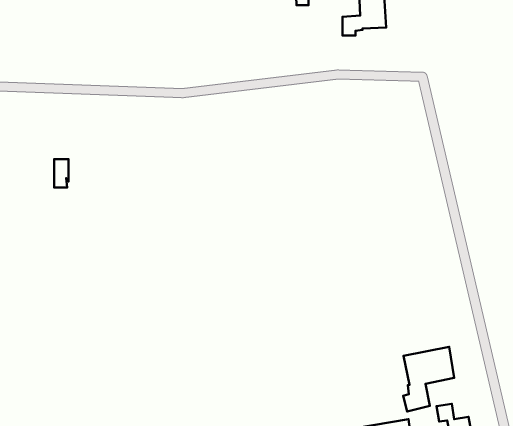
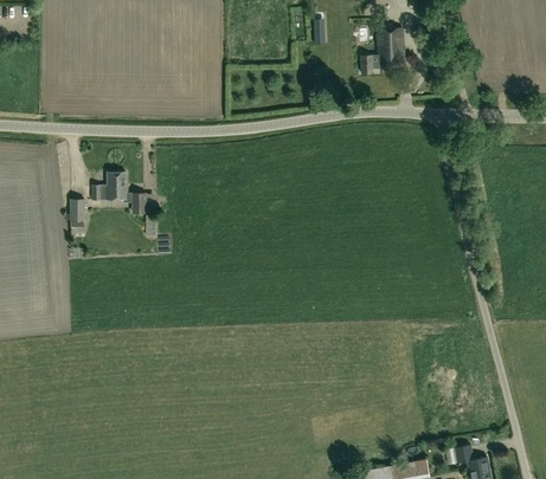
building: none -> [91,170,144,212]
building: [403,347,454,412] -> none

